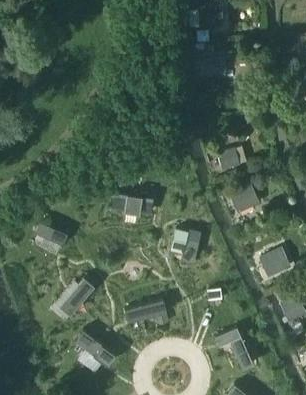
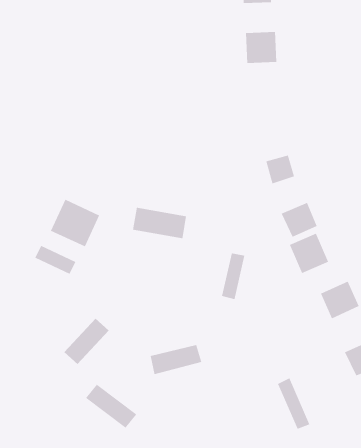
building: none -> [50,199,100,247]
building: none -> [289,233,329,274]

